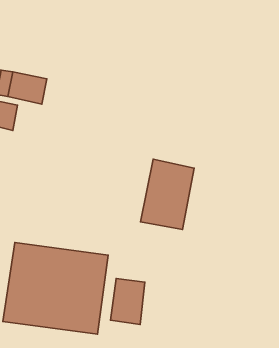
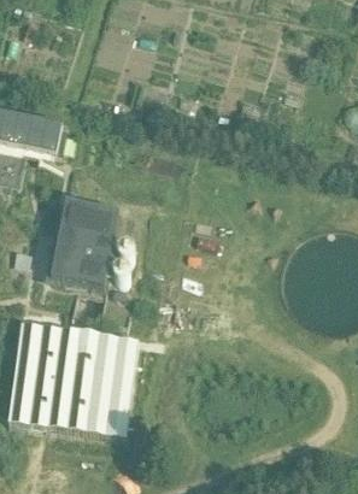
building: [141,159,194,229] -> [49,198,116,284]
building: [111,278,145,324] -> none

